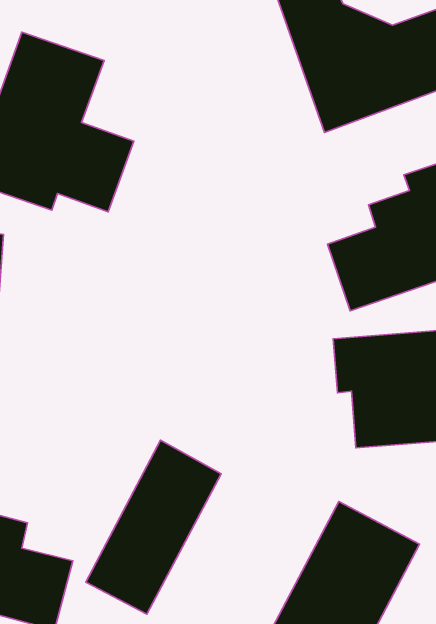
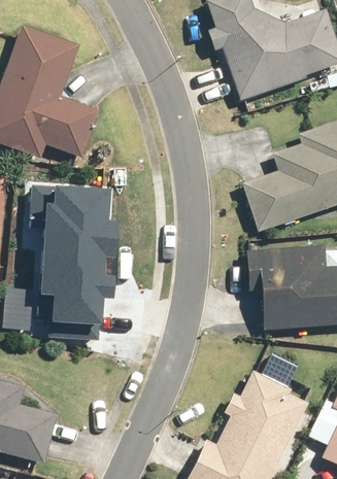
building: none -> [21,199,104,333]
building: [86,440,221,614] -> none

